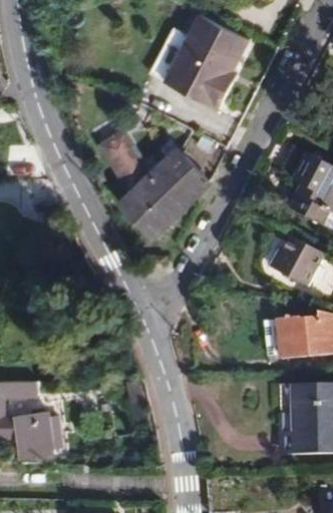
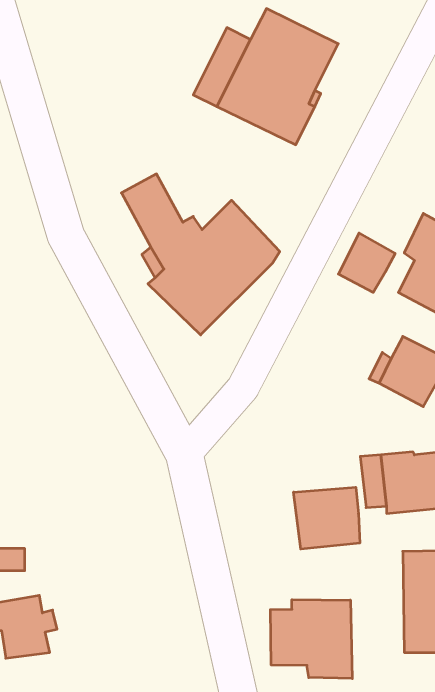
building: none -> [338,233,395,292]
building: none -> [294,487,360,549]
building: none -> [270,600,352,679]

